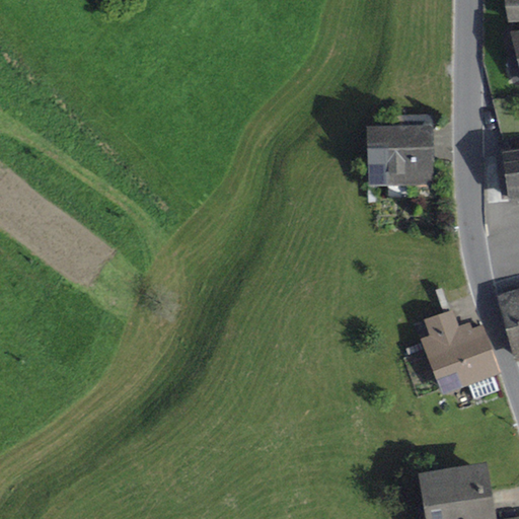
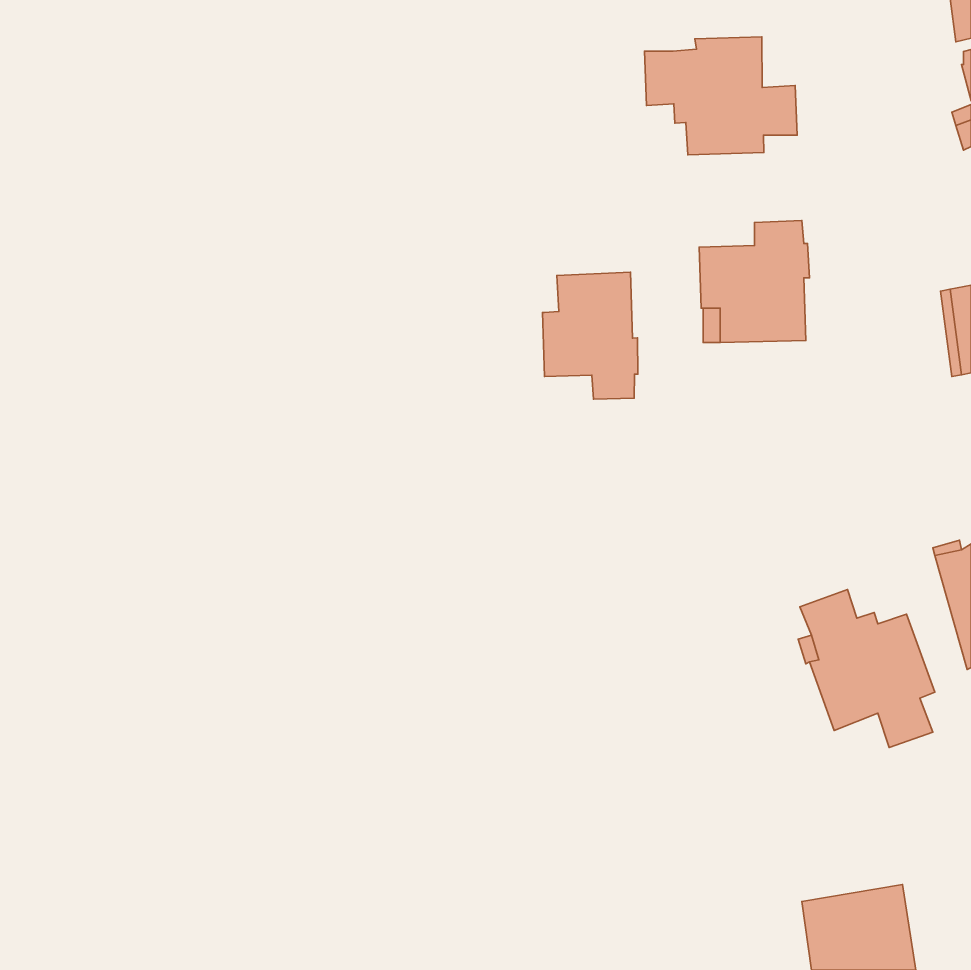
building: none -> [645,37,797,155]
building: none -> [543,272,638,399]

